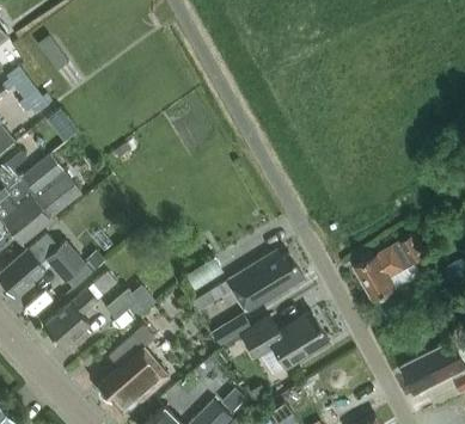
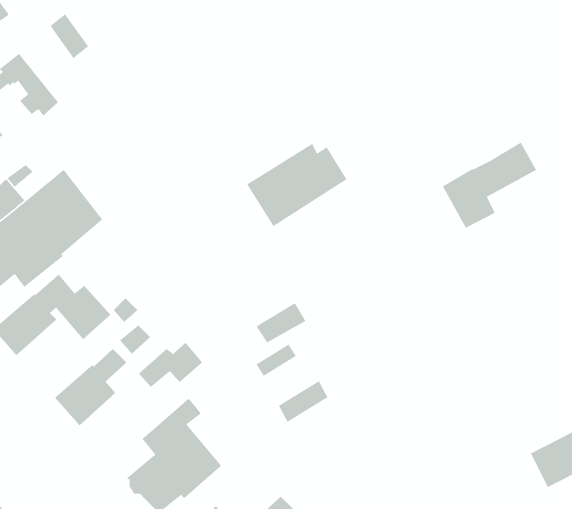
building: [355,235,427,301] -> [442,142,537,229]
building: [226,251,302,314] -> [246,143,348,227]
building: [240,313,329,370] -> none

